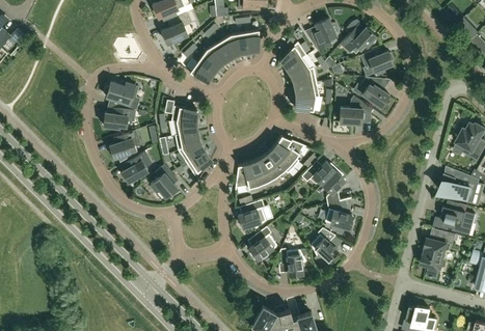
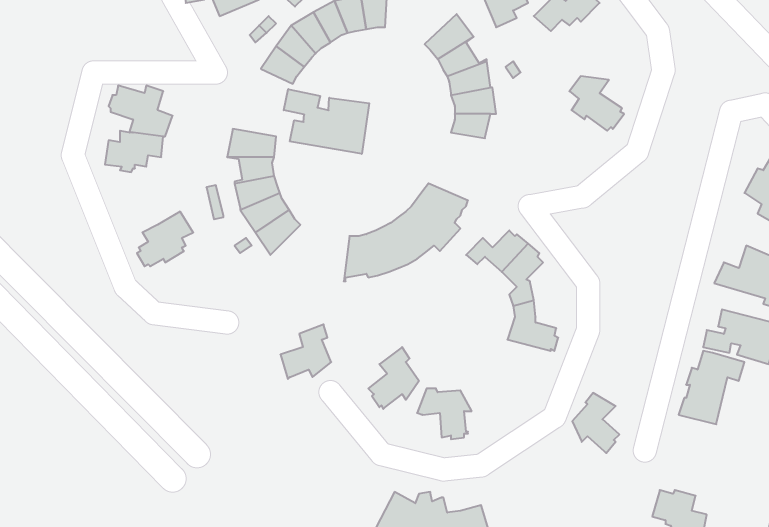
building: [360,51,394,75] -> none
building: none -> [284,89,369,154]
building: [340,96,370,125] -> none
building: [108,131,139,159] -> none
building: [151,165,177,198] -> none
building: [238,200,266,230] -> [280,324,331,379]
building: [312,229,338,263] -> [572,393,619,453]

